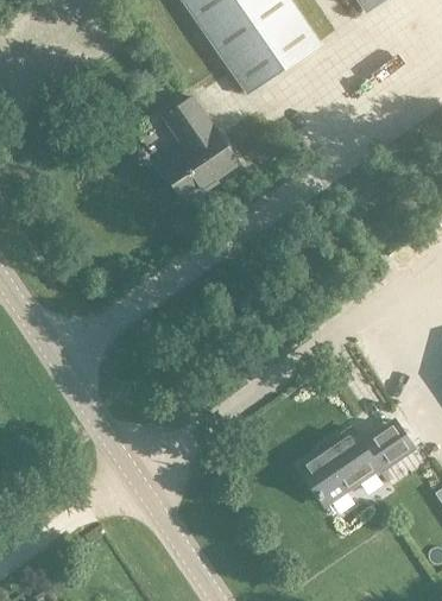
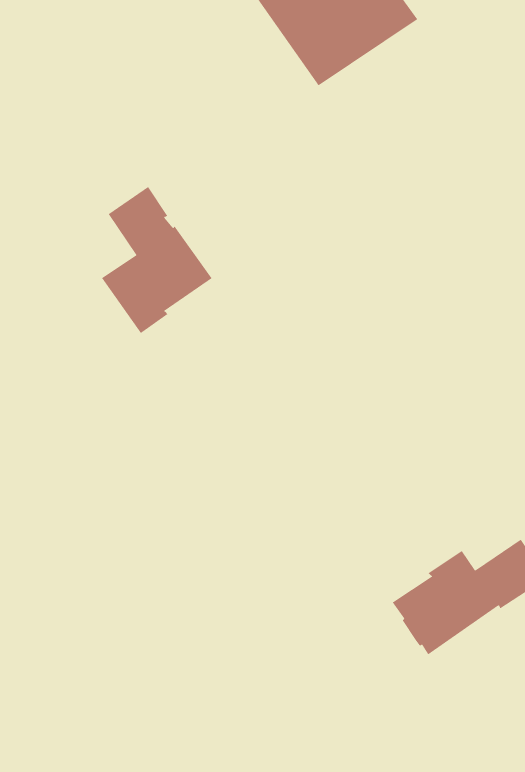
building: [158,96,239,203] -> [101,186,213,334]

